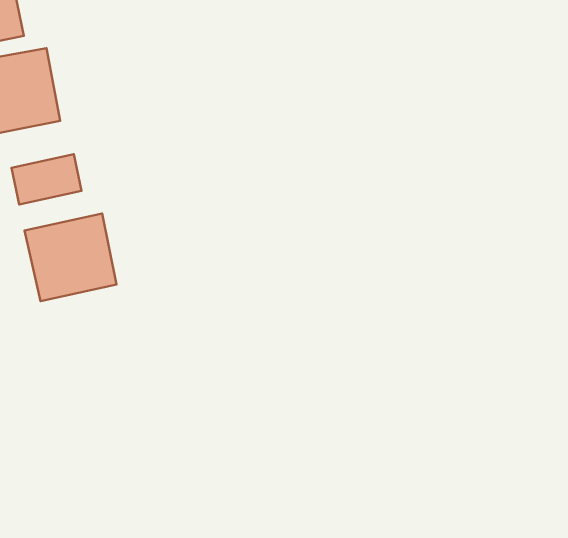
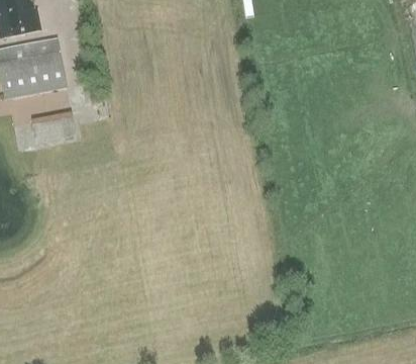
building: [25,213,116,301] -> none

